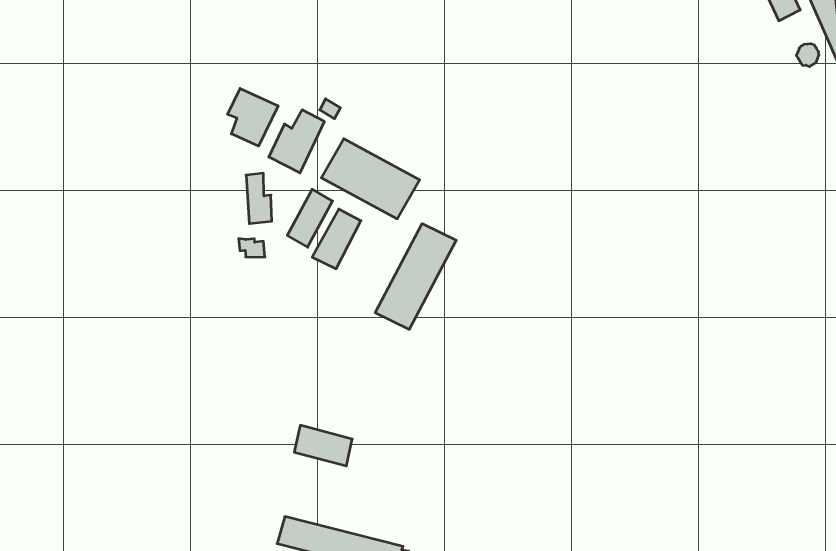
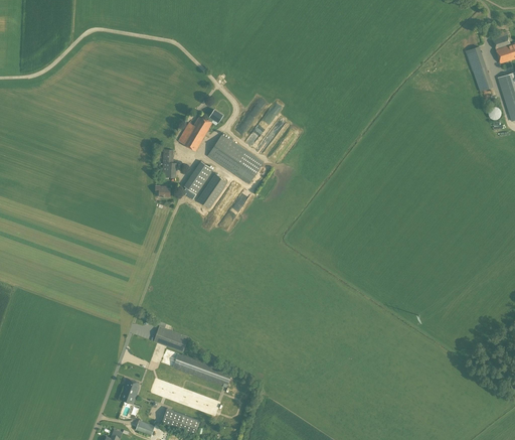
building: [228,88,278,146] -> none
building: [375,224,456,329] -> none
building: [294,425,352,466] -> [154,325,188,351]

